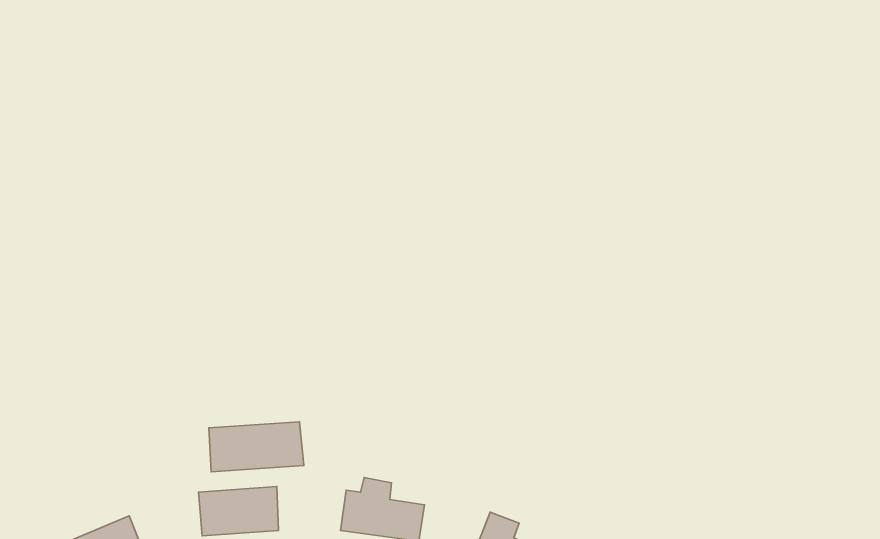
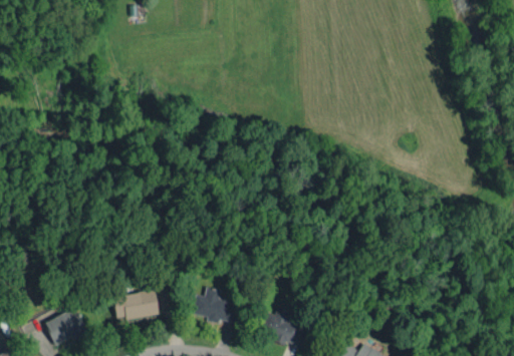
building: [209,422,304,472] -> none

